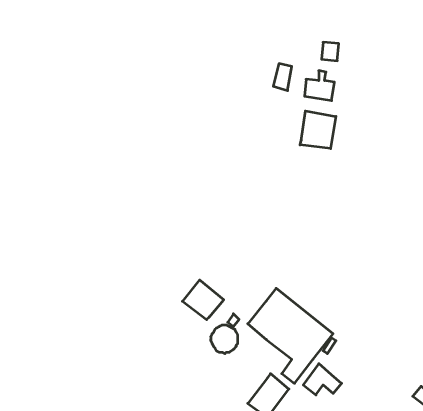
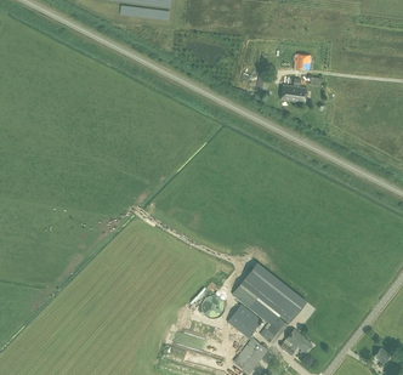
building: [300,111,336,149] -> none
building: [182,280,224,320] -> [226,302,261,336]

